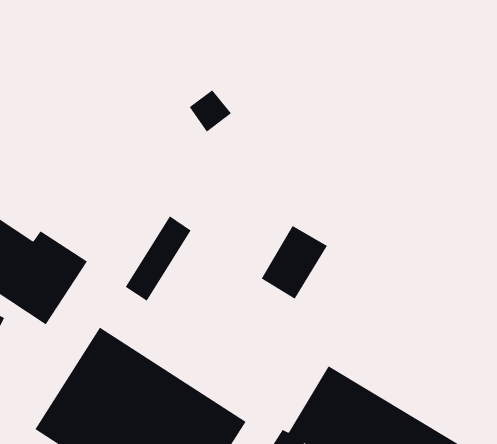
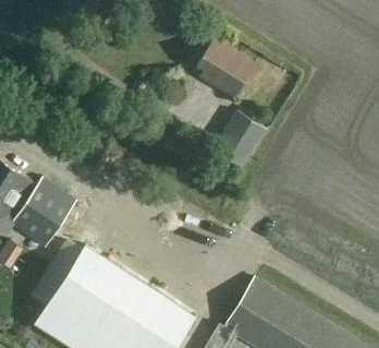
building: none -> [197,38,254,97]
building: [125,216,192,302] -> [33,242,82,305]
building: [261,225,328,299] -> [216,112,265,167]

